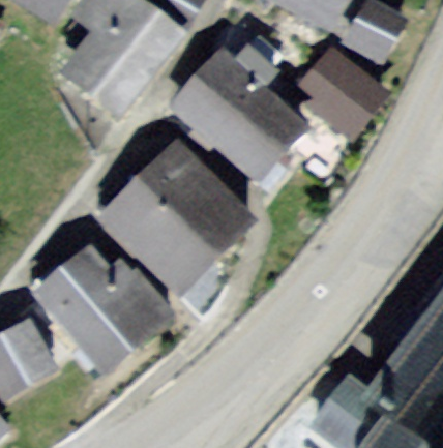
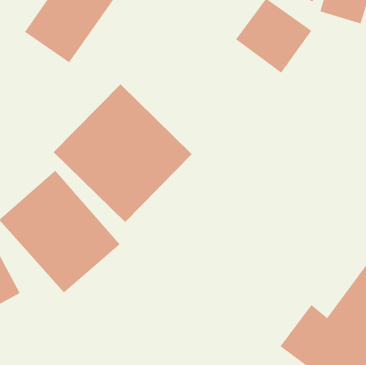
building: [191,50,329,185] -> none

